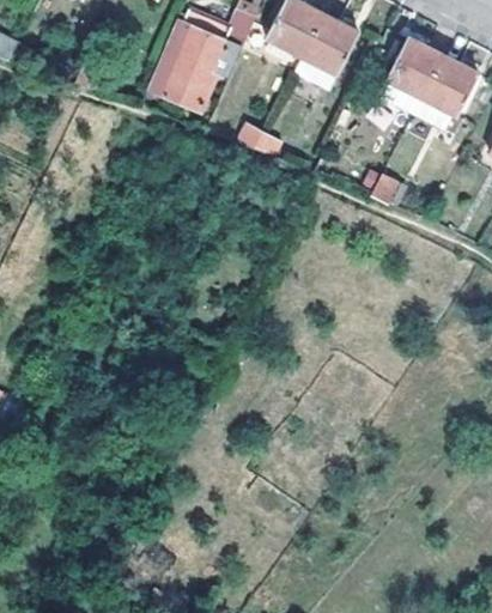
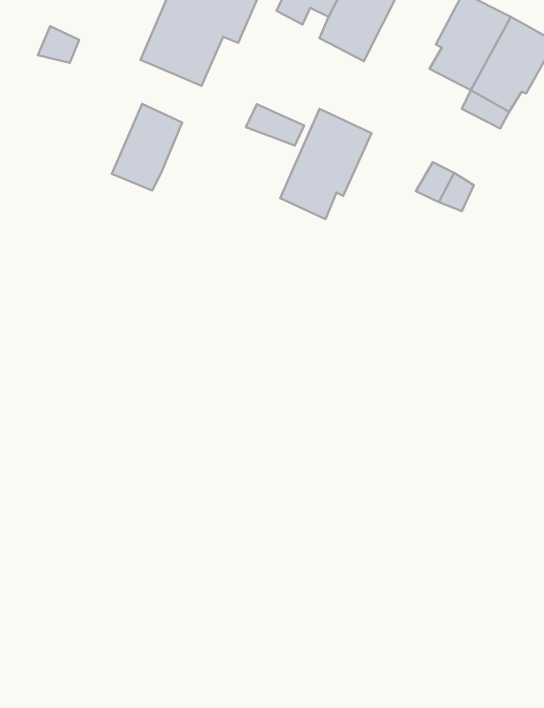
building: none -> [112,104,182,191]
building: none -> [280,109,371,219]

